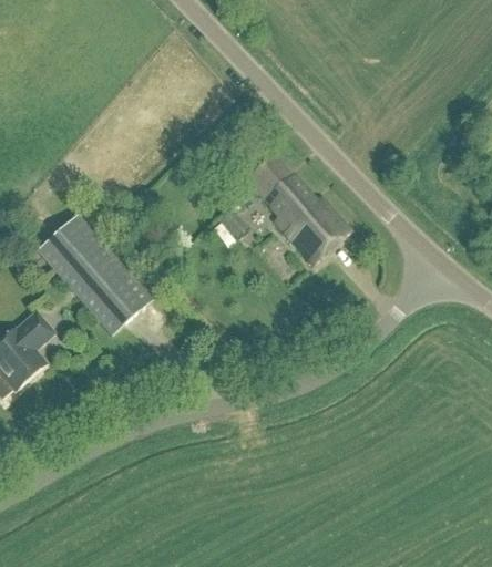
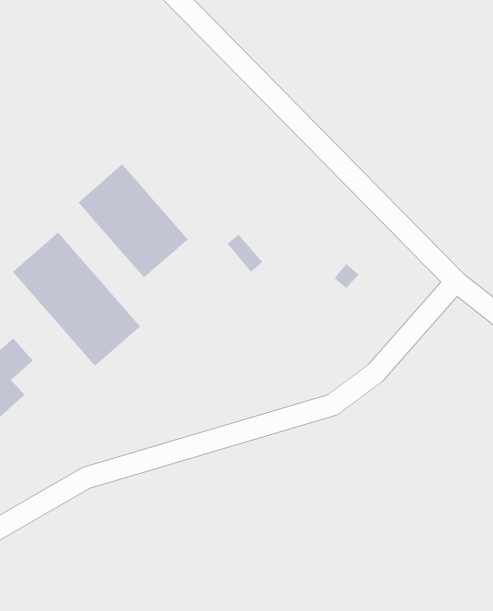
building: none -> [77,163,189,279]
building: [246,153,352,262] -> none

